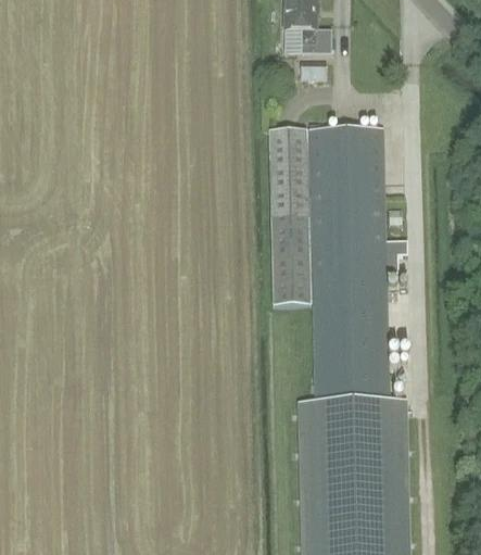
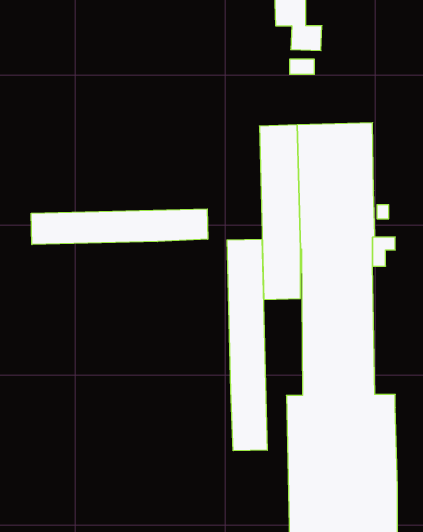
building: none -> [31,209,208,245]
building: none -> [227,239,267,451]

